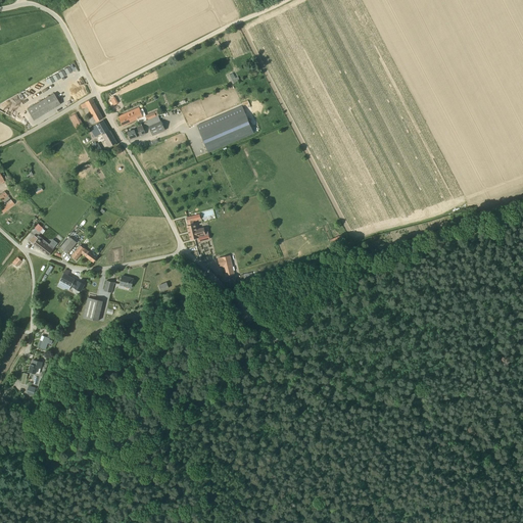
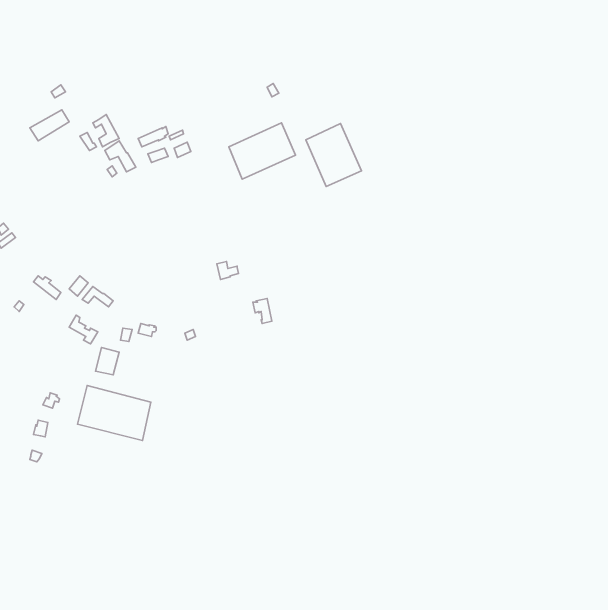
building: none -> [306,123,362,187]
building: none -> [77,385,151,441]

